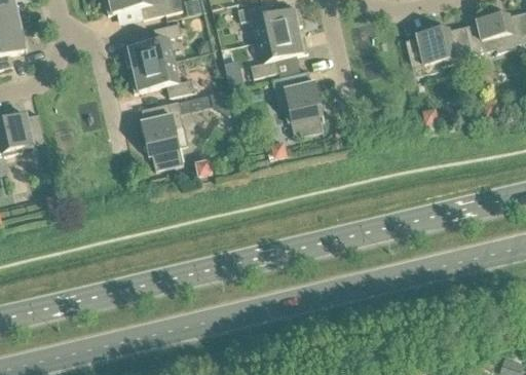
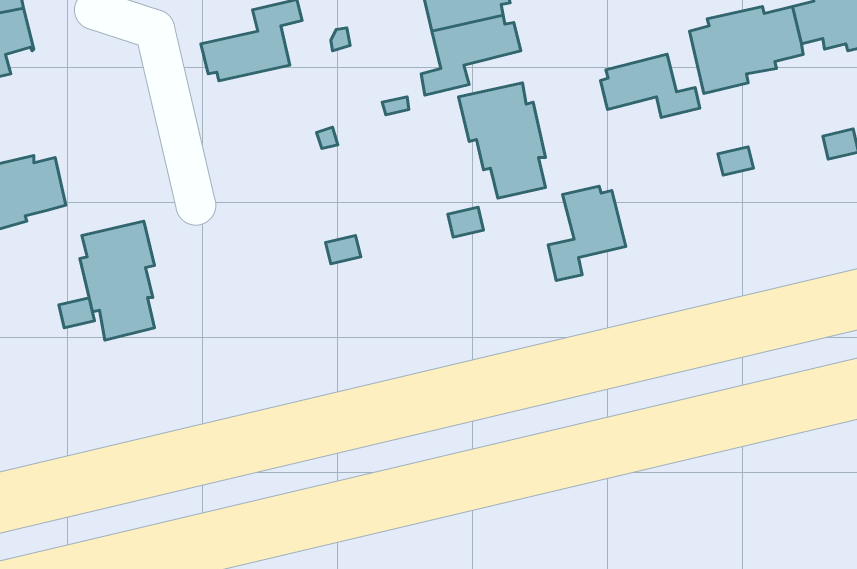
building: none -> [601,54,700,117]
building: [130,59,195,96] -> none
building: [141,100,184,168] -> [80,221,155,340]
building: none -> [548,186,626,280]

